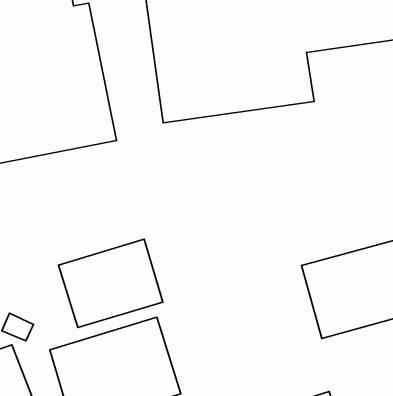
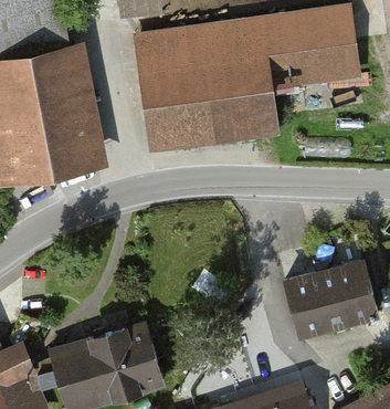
building: [59,239,163,327] -> none

